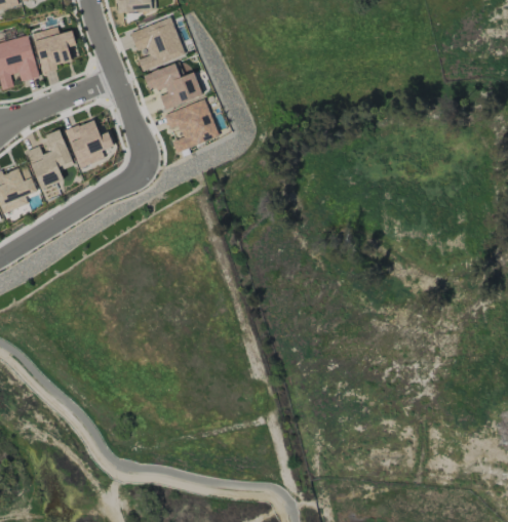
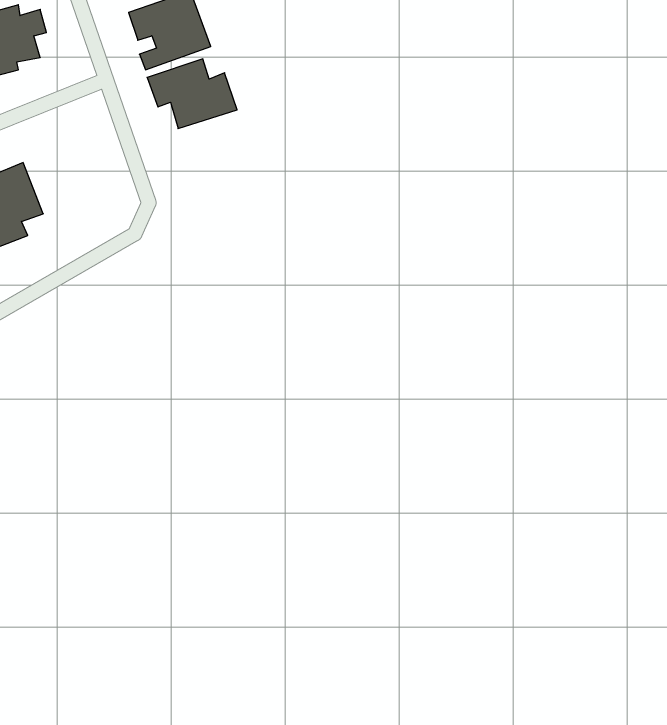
building: [164,99,219,153] -> none
building: [65,119,114,168] -> none

